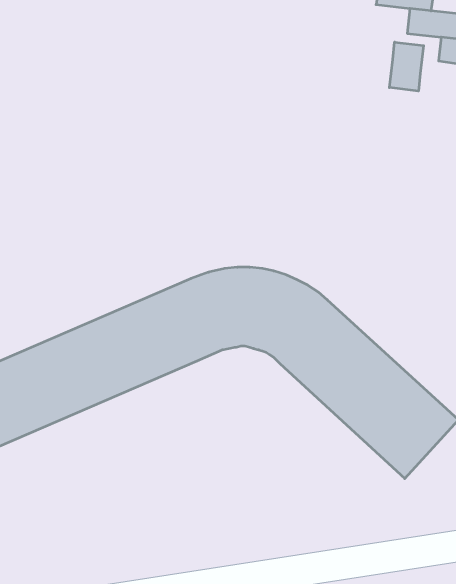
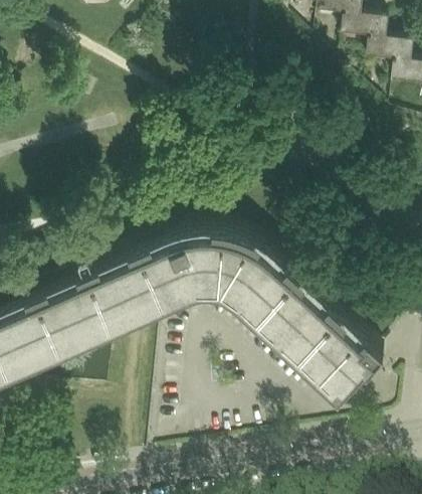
building: [389,42,424,91] -> none

